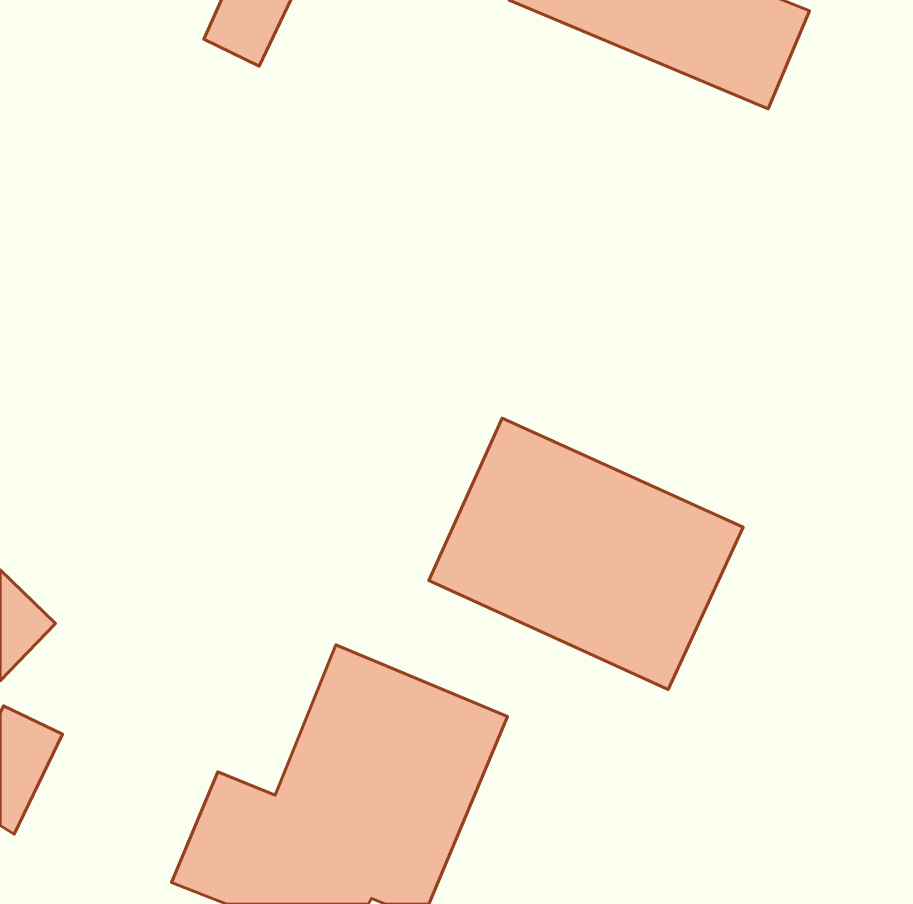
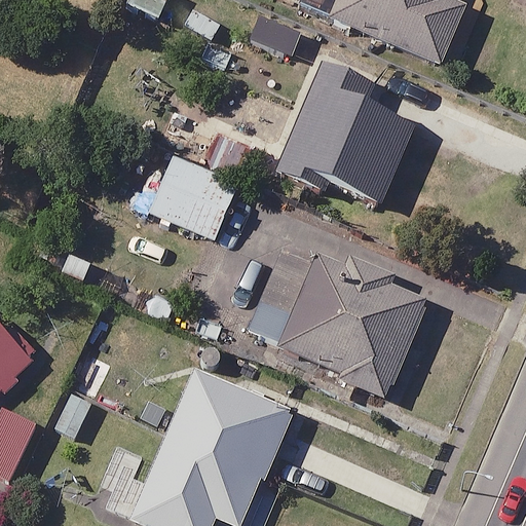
building: none -> [277,59,410,203]
building: none -> [150,157,237,238]

